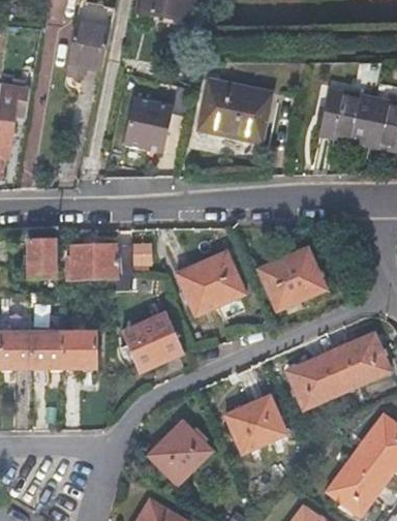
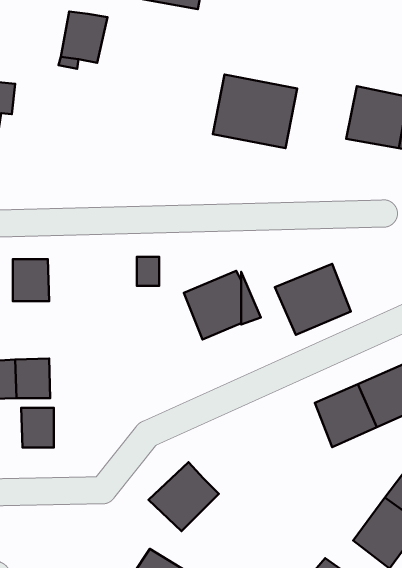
building: [128,95,180,149] -> none
building: [65,244,131,292] -> none
building: [117,312,179,369] -> none
building: [58,330,87,365] -> [21,408,54,447]
building: [227,397,284,453] -> none

